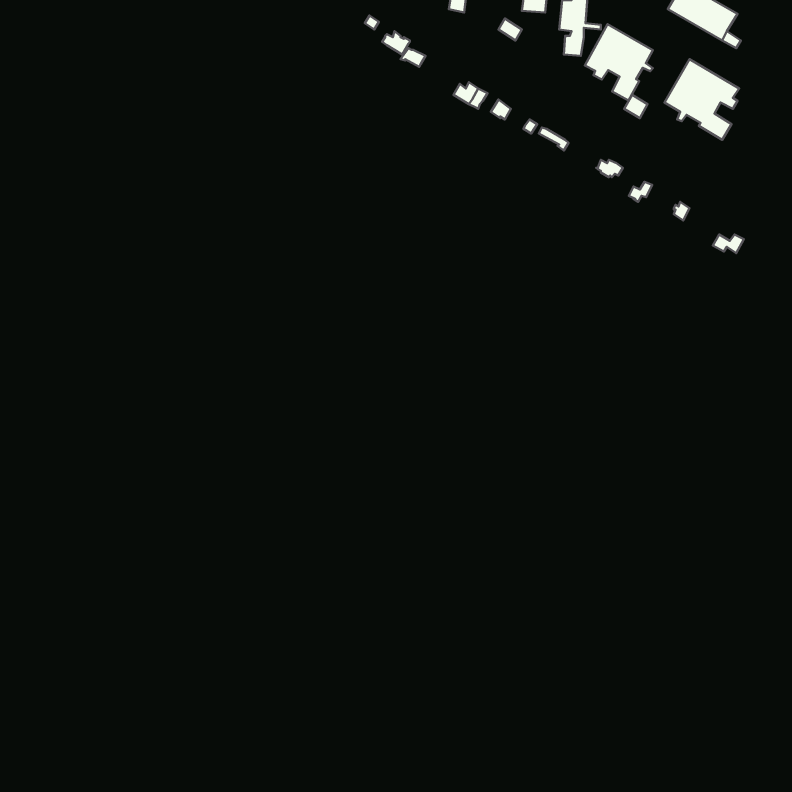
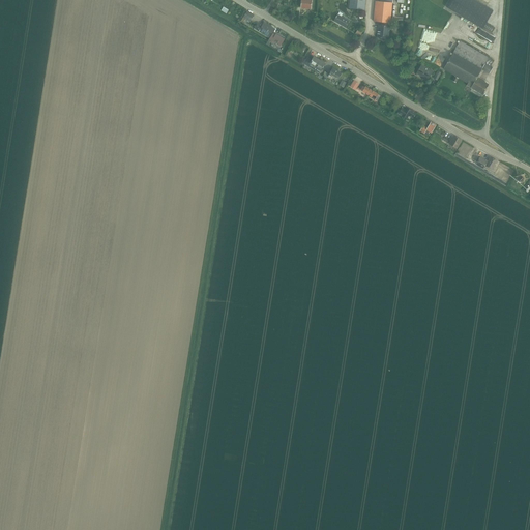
building: [585,24,653,101] -> none

